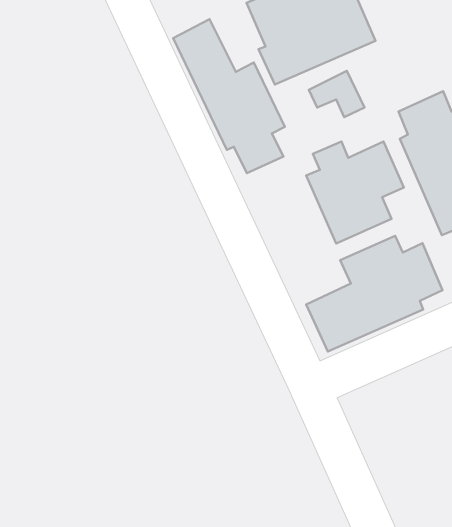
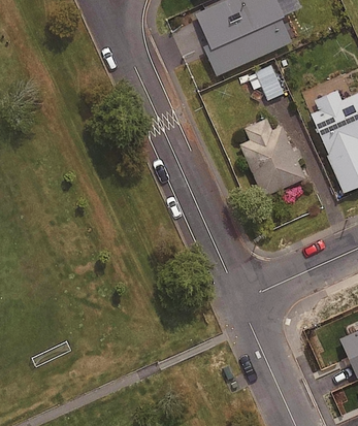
building: [173,19,285,173] -> none
building: [306,236,442,352] -> none

